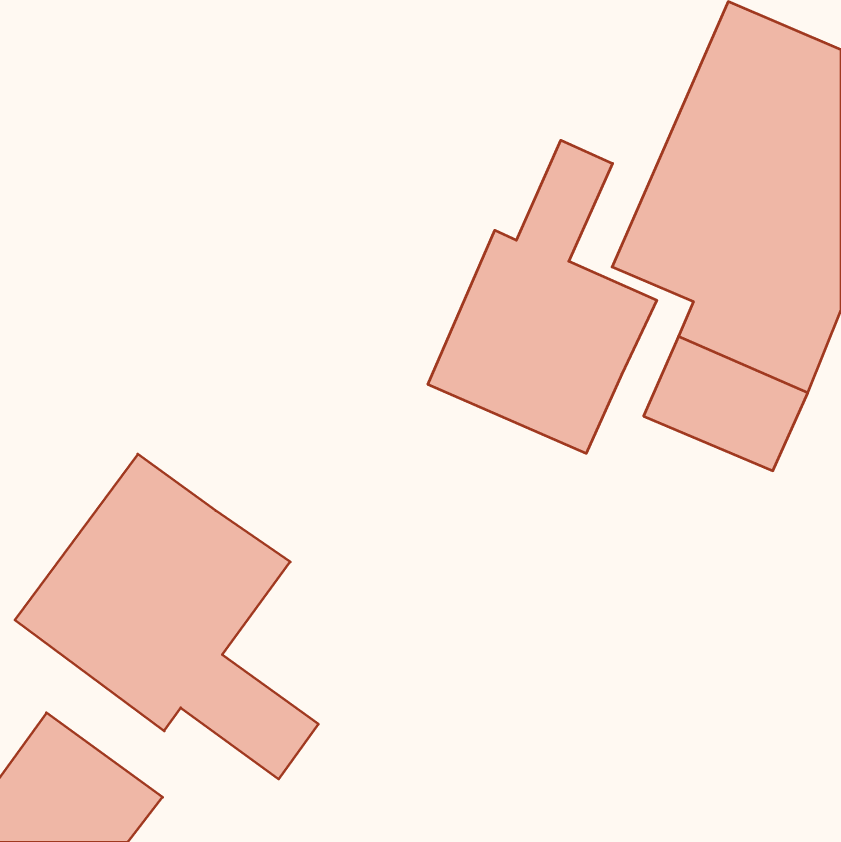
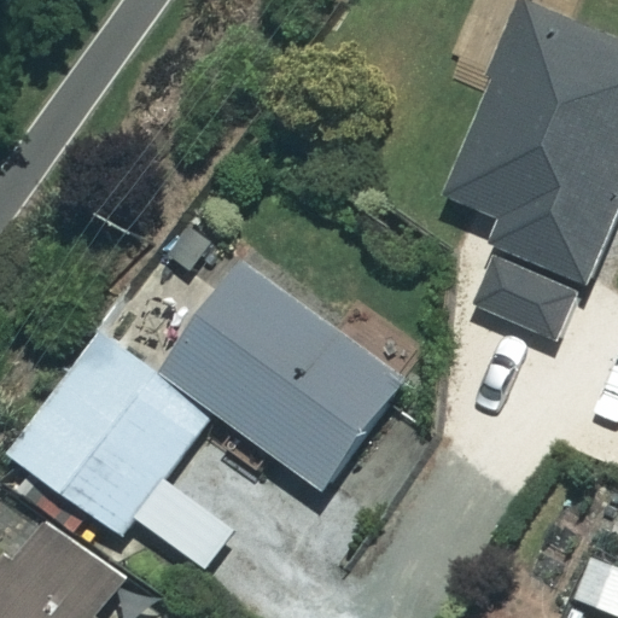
building: [428,140,657,453] -> none
building: none -> [157,260,401,488]

